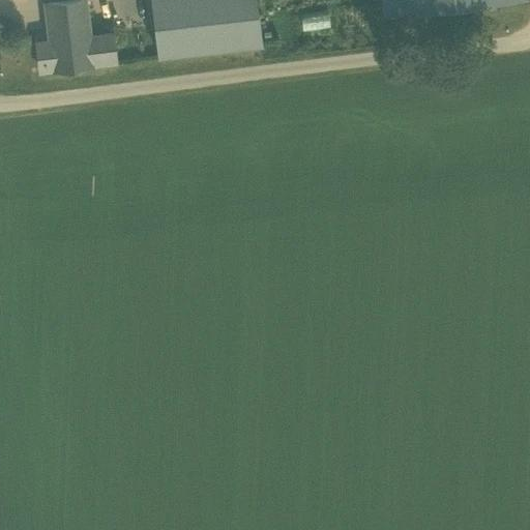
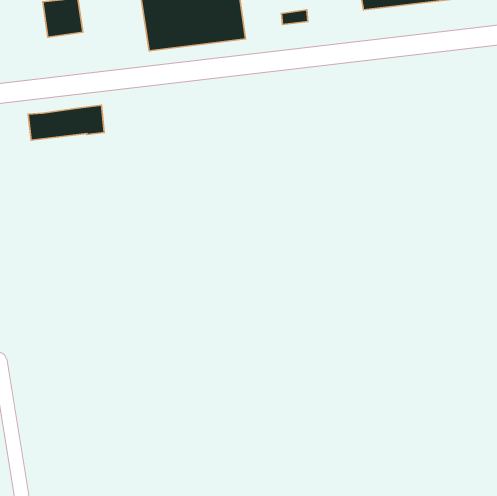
building: [35,31,116,68] -> [28,105,104,140]

